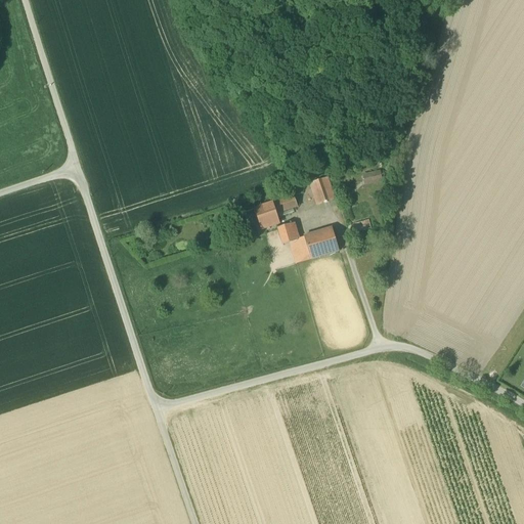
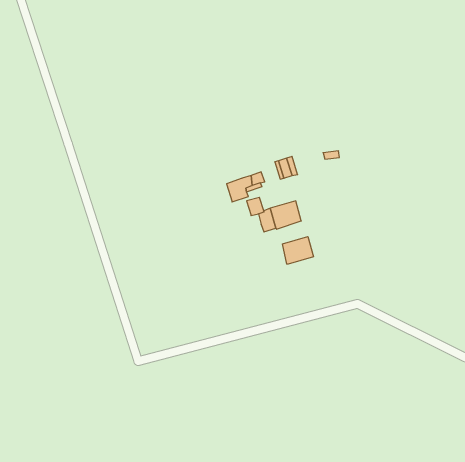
building: none -> [283,237,313,264]

